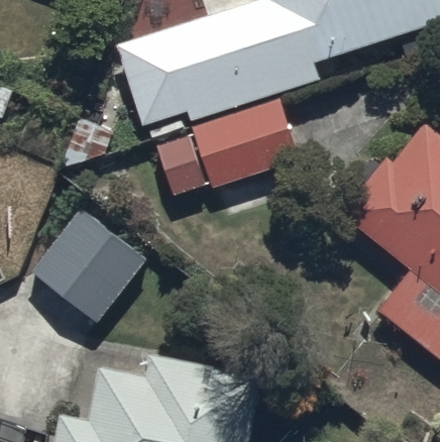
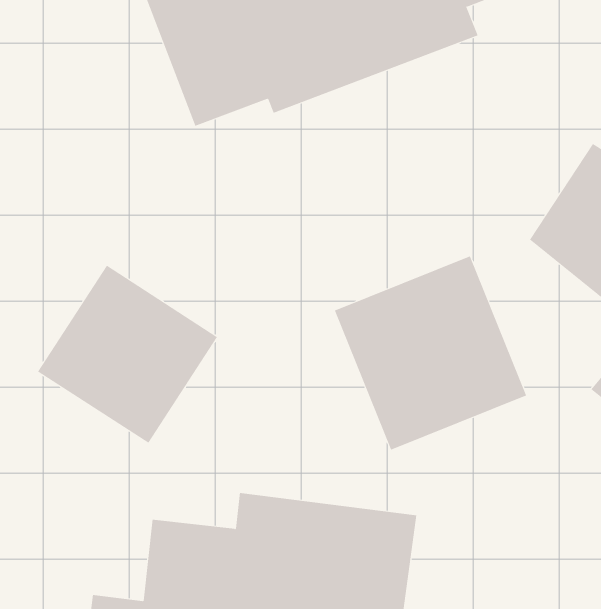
building: [158,99,298,196] -> none
building: none -> [334,256,527,450]

